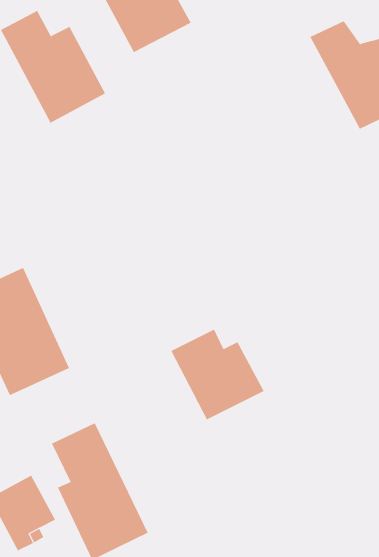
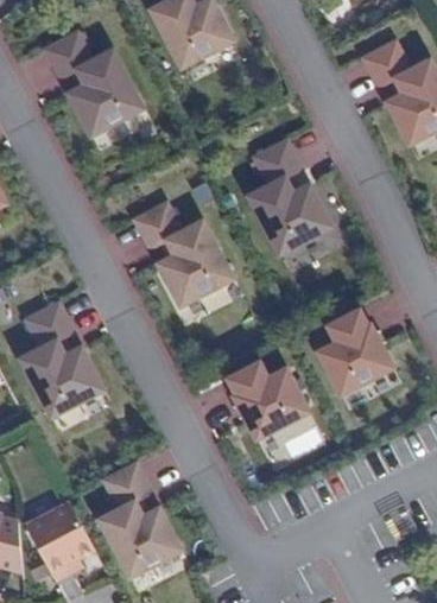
building: none -> [243,134,338,261]
building: none -> [125,196,240,313]
building: none -> [315,305,395,400]

